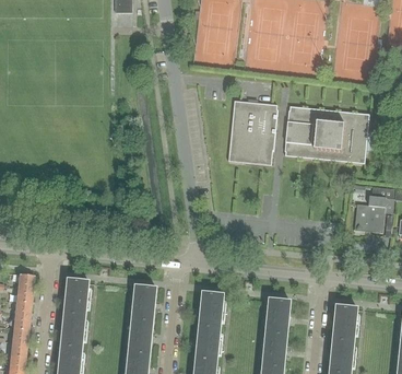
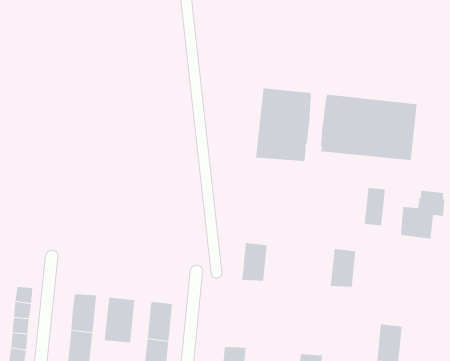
building: none -> [364,187,386,226]
building: none -> [104,297,135,343]
building: [200,293,223,327] -> [241,243,268,281]
building: [267,300,289,334] -> [330,249,356,287]

